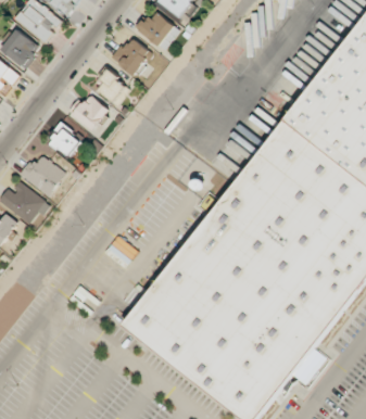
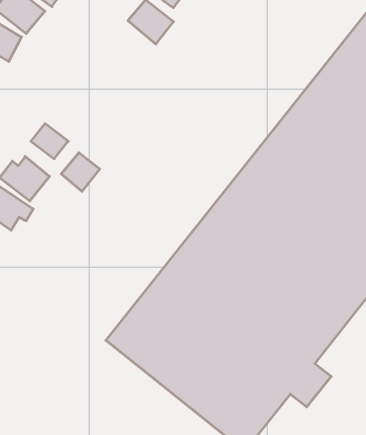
building: [110,37,151,75] -> none
building: [93,69,130,105] -> none
building: [73,94,109,130] -> [61,153,100,191]

